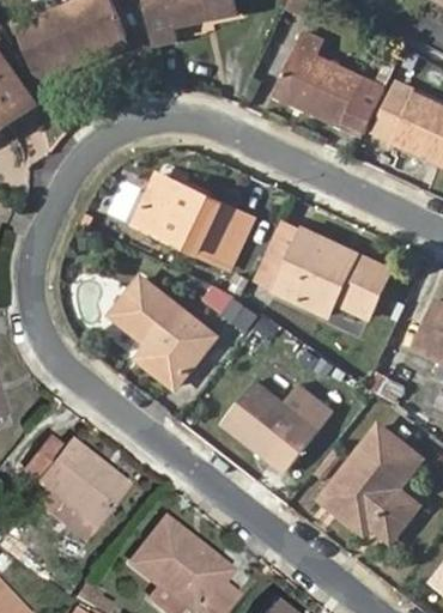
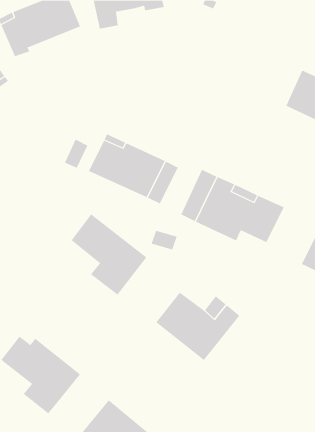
building: [273,31,387,133] -> none
building: [323,426,421,540] -> none

